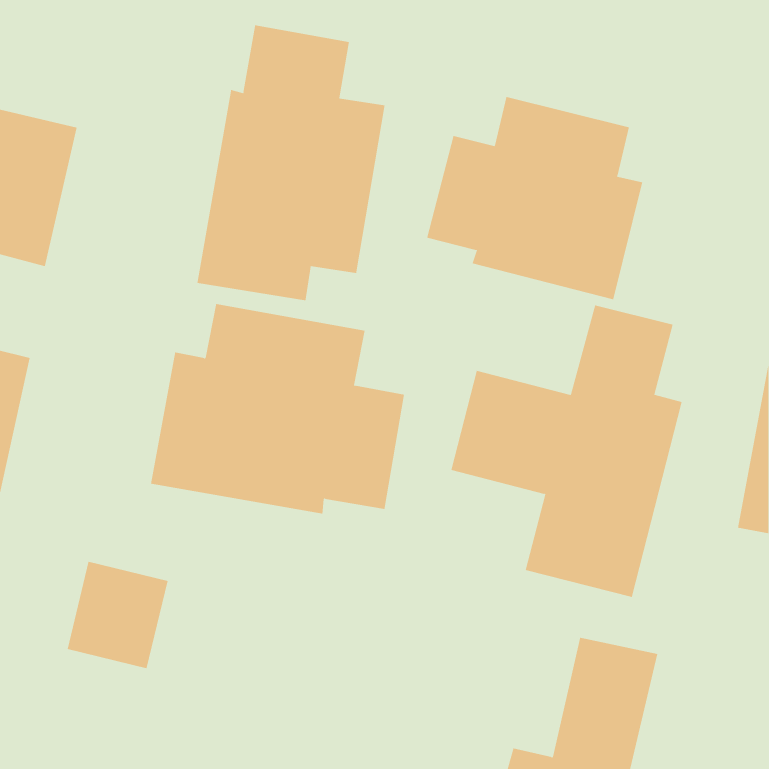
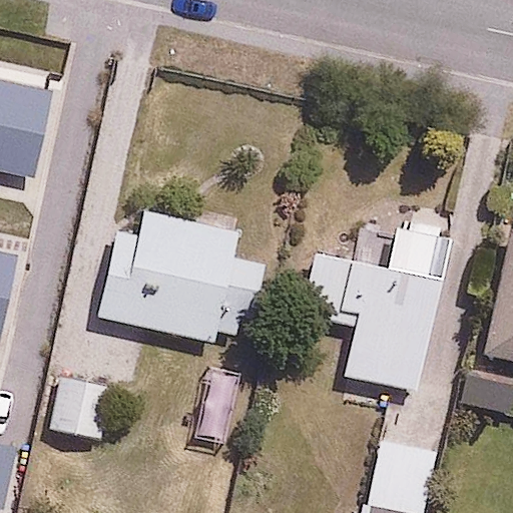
building: [197,24,385,301] -> none
building: [427,96,643,300] -> none

